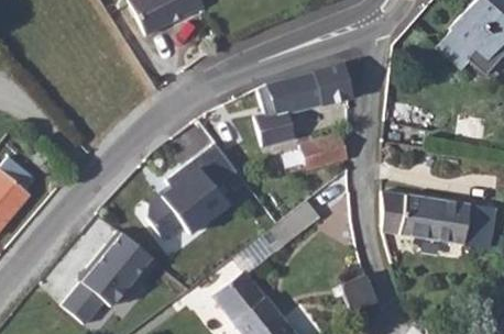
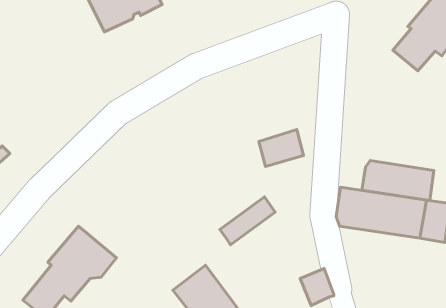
building: [254,67,350,147] -> none
building: [150,142,235,241] -> none
building: none -> [362,161,434,201]

